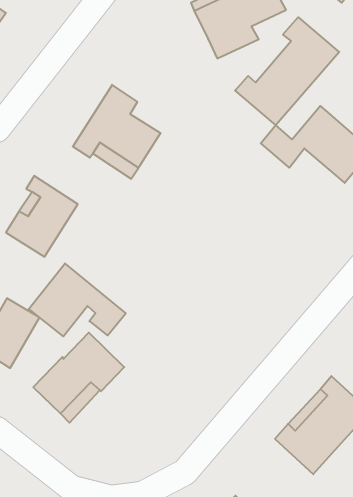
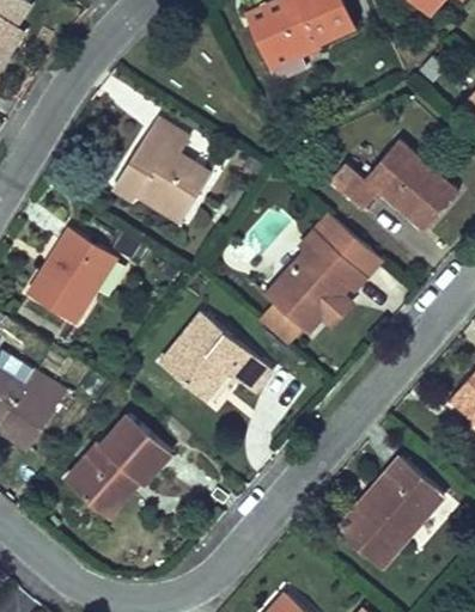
building: [235,17,339,125] -> none
building: none -> [263,212,384,333]
building: [29,263,126,336] -> [158,308,273,394]

